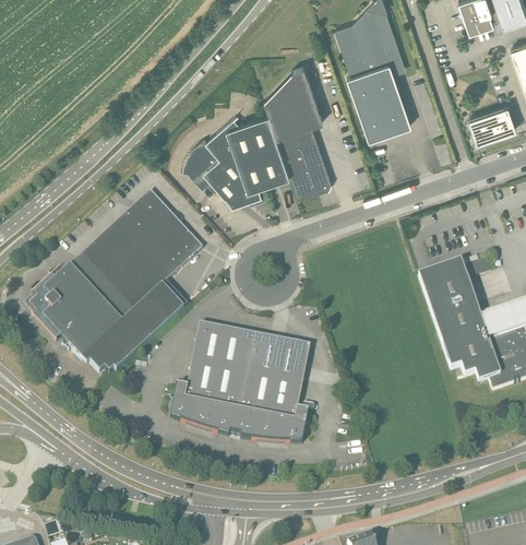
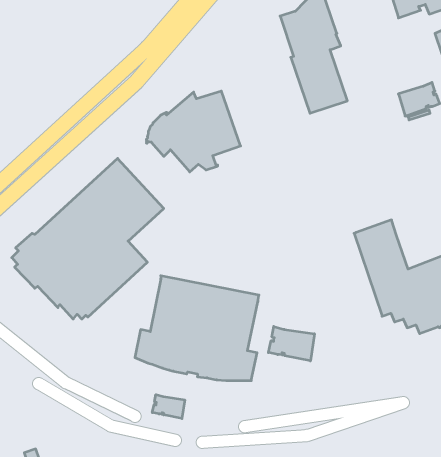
building: [264,64,333,198] -> none
building: none -> [268,326,314,361]
building: none -> [152,395,185,419]

